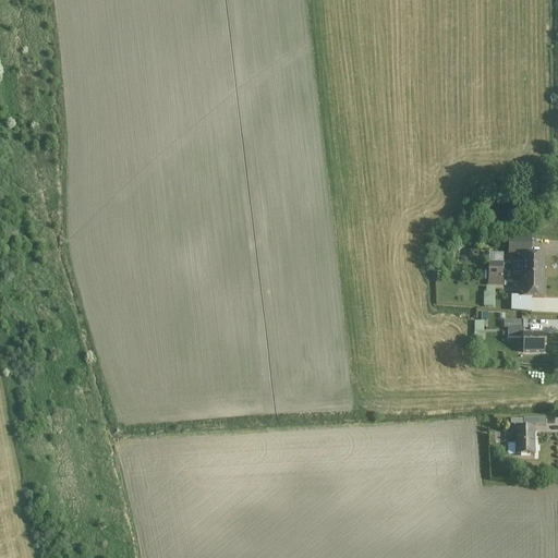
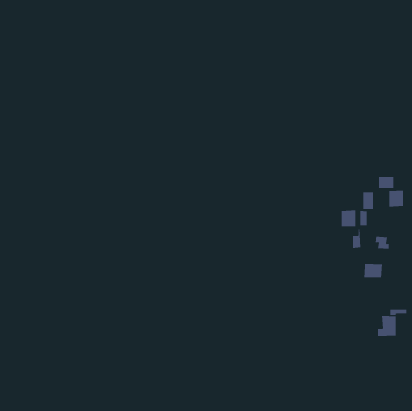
building: [523,278,544,301] -> [341,210,356,227]
building: [523,331,549,351] -> [363,263,383,278]

